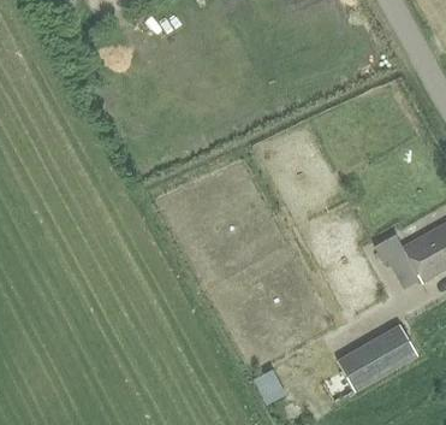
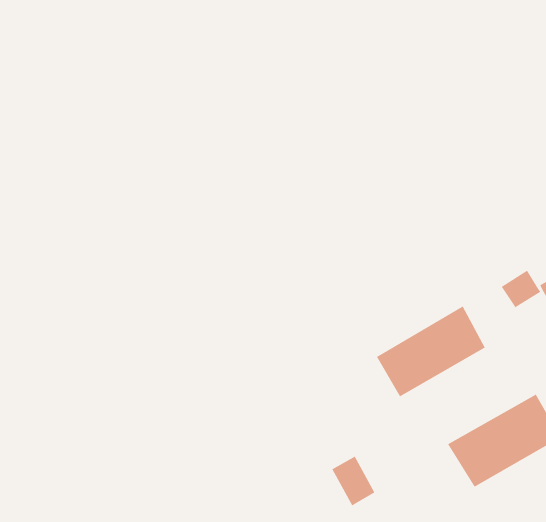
building: none -> [376,306,486,397]

